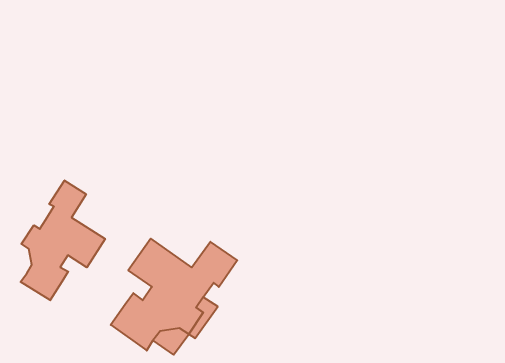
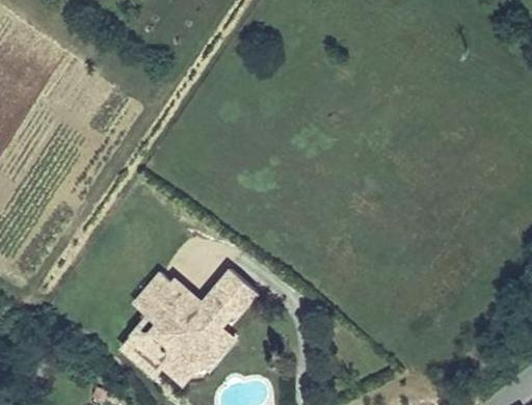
building: [21,180,105,300] -> none

